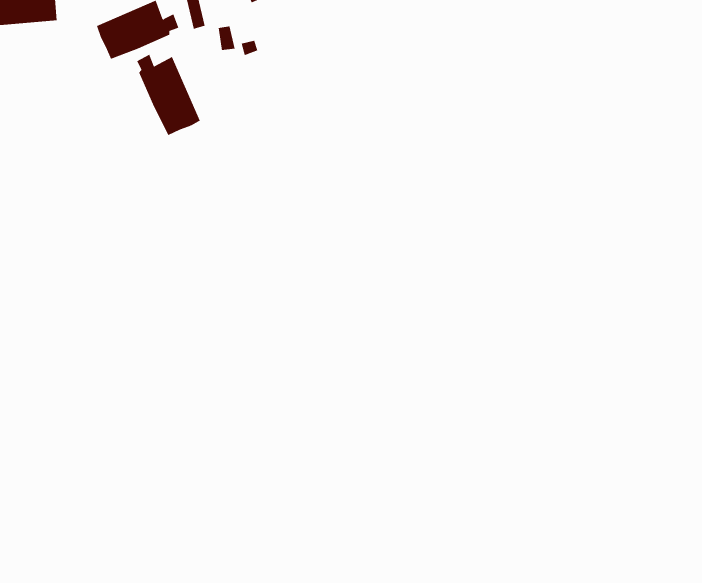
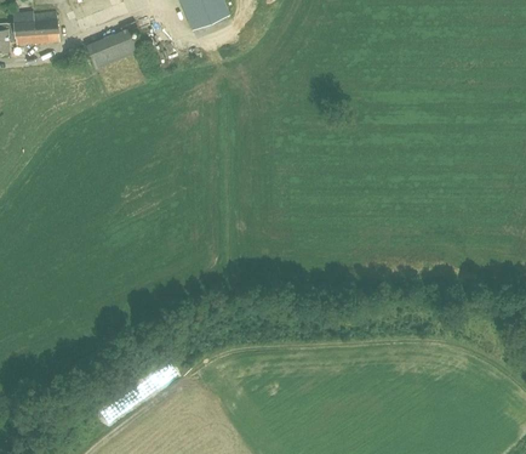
building: [136,54,201,136] -> none

